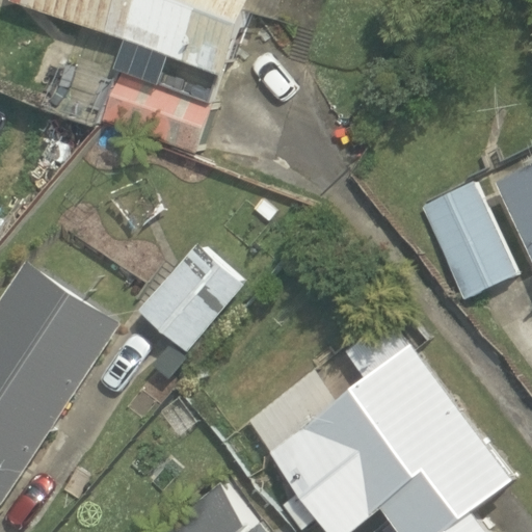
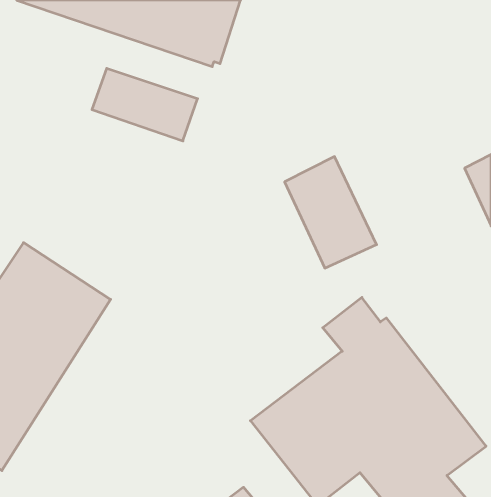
building: [419,181,516,299] -> [285,157,377,268]
building: [135,241,245,374] -> none

